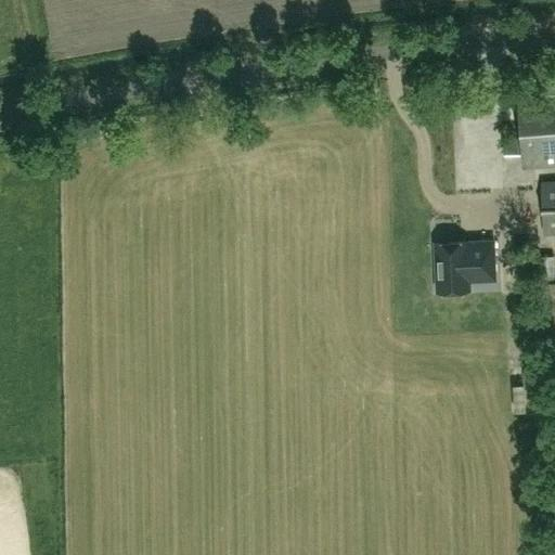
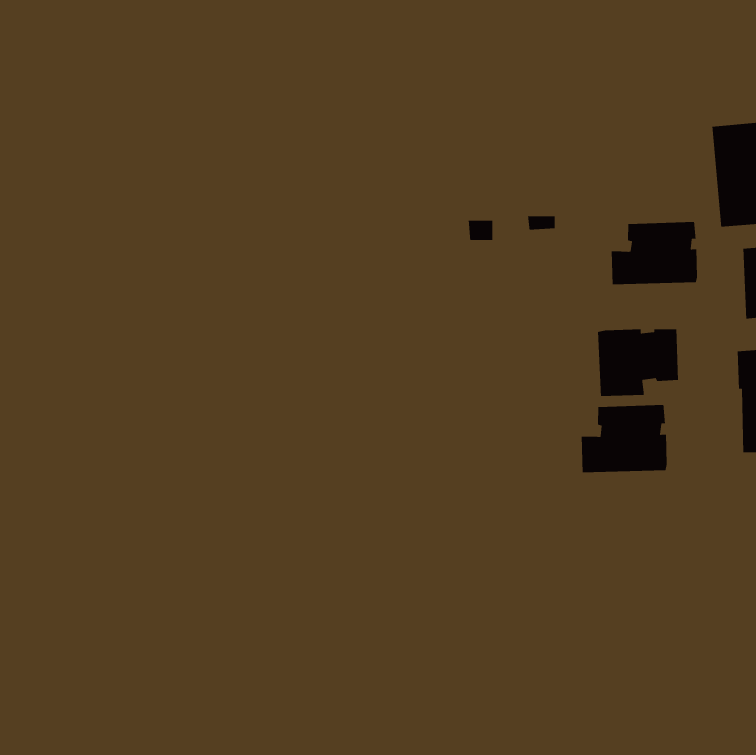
building: none -> [611,221,698,285]
building: none -> [581,404,667,473]

